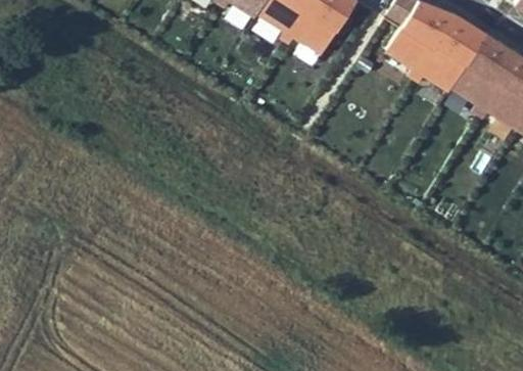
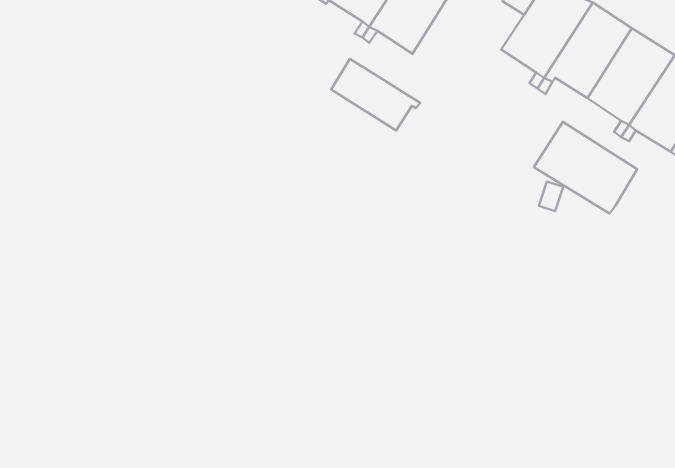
building: none -> [331,59,420,130]
building: none -> [534,122,637,214]

